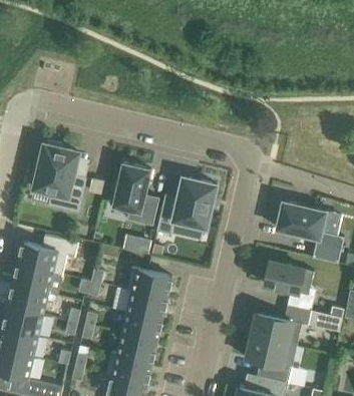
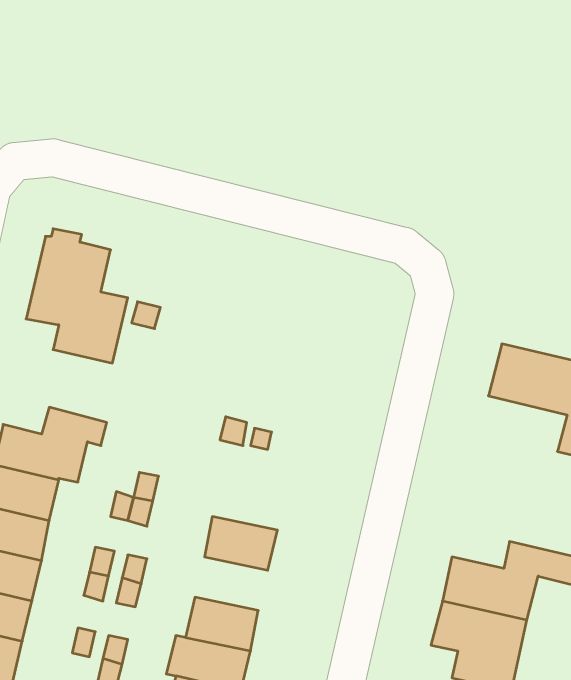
building: [108,162,157,226] -> none
building: [155,176,216,235] -> none
building: [262,261,313,295] -> none
building: [126,270,169,299] -> none
building: [121,313,159,341] -> none

